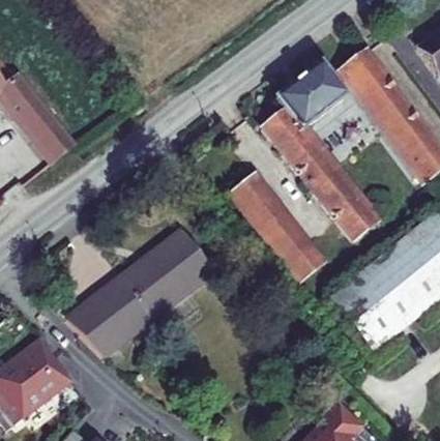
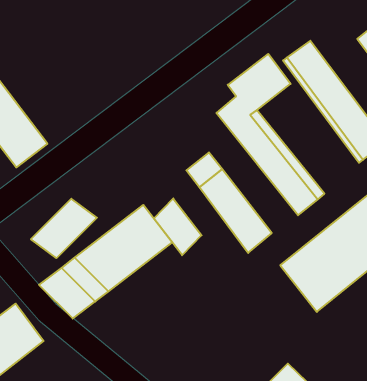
building: none -> [154,198,202,255]
building: none -> [31,199,97,258]

